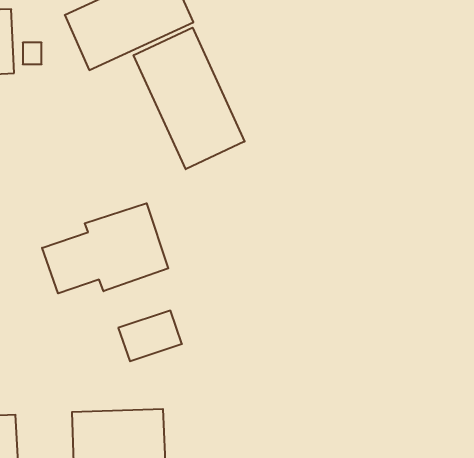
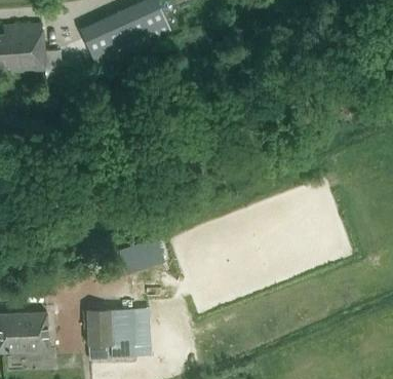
building: [134,28,245,169] -> none
building: [42,203,168,293] -> none

